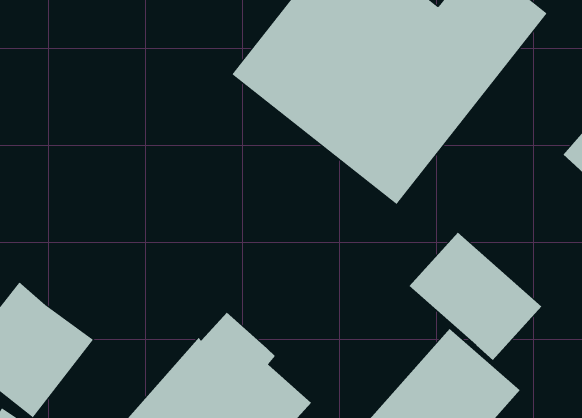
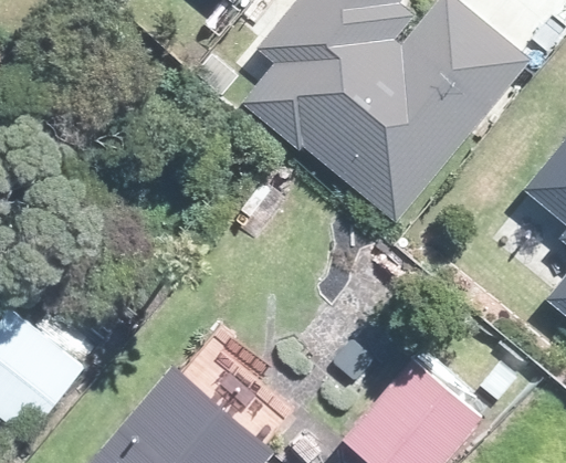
building: [409,232,542,361] -> none

